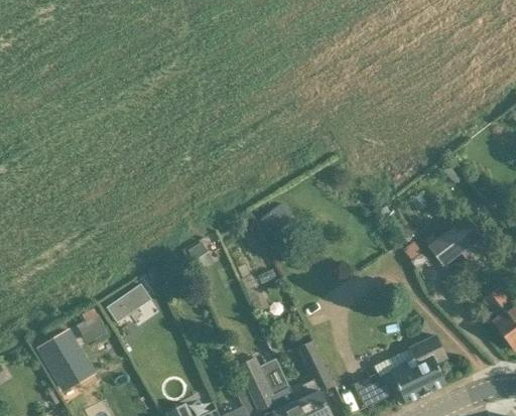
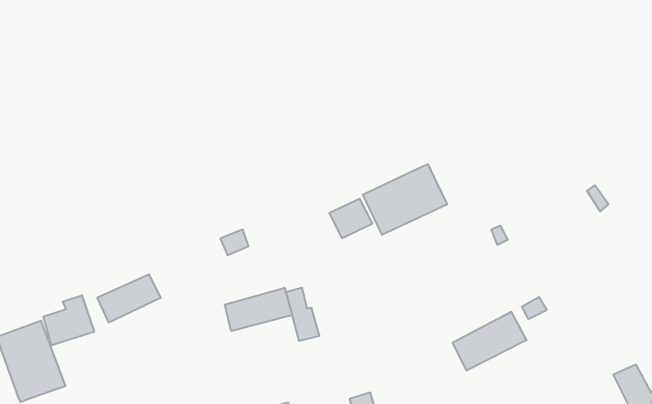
building: none -> [363,164,447,235]
building: [428,219,481,266] -> [453,312,527,371]
building: none -> [225,288,292,331]

